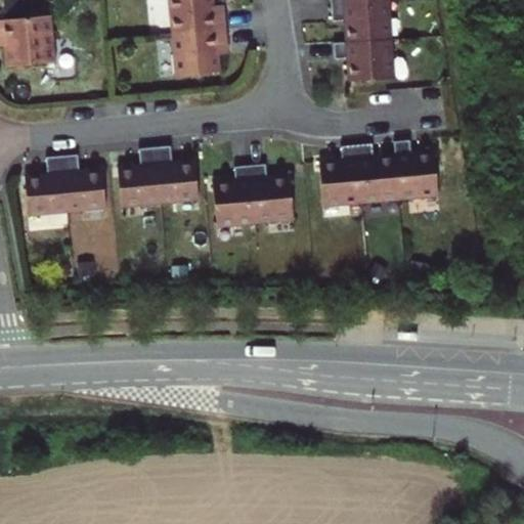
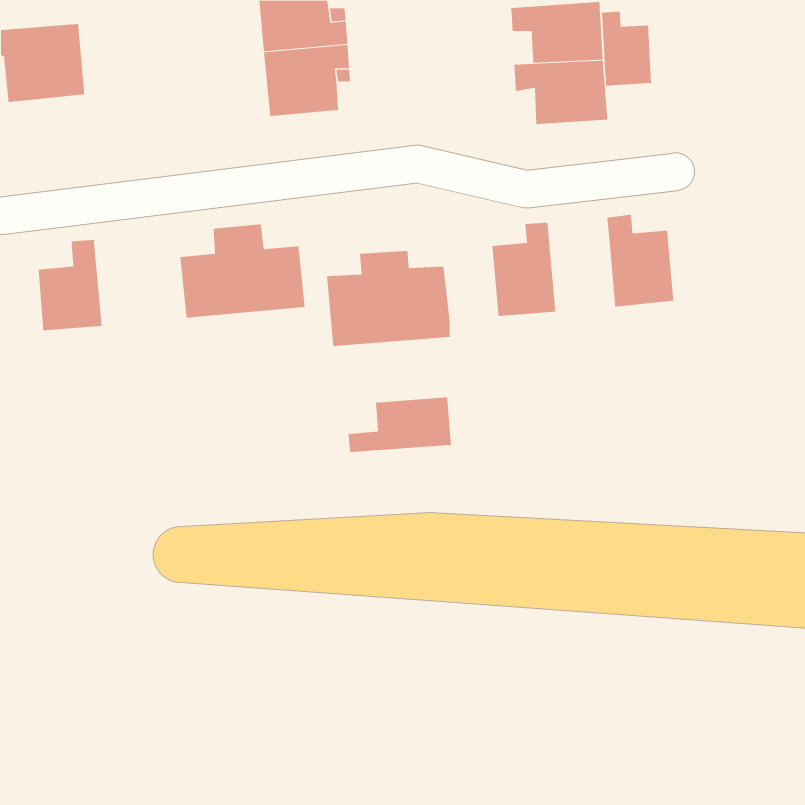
building: none -> [601,11,652,86]
building: [356,142,399,203] -> none
building: [61,154,105,212] -> none
building: none -> [348,396,451,453]

